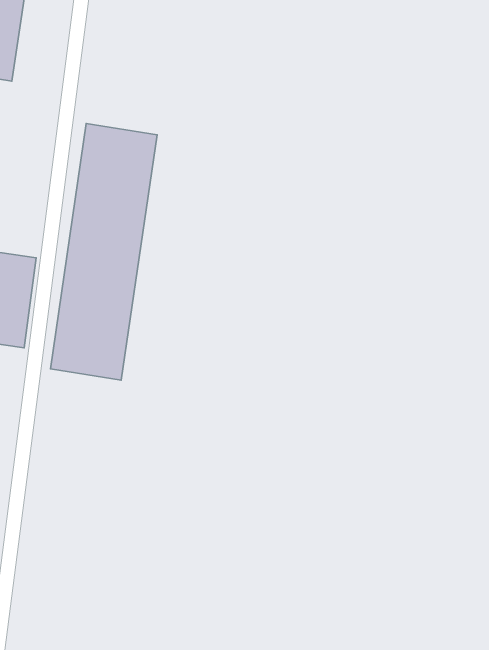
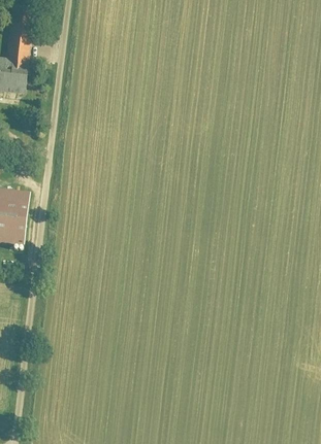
building: [50,123,157,380] -> none

